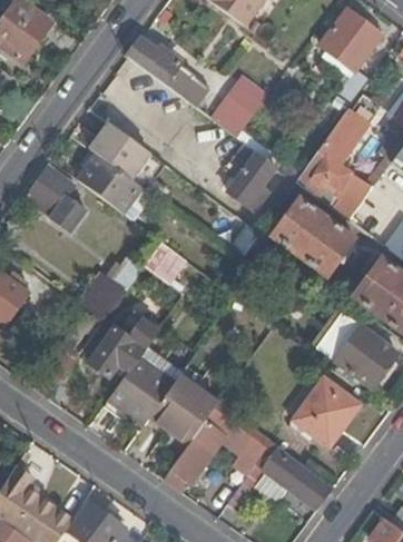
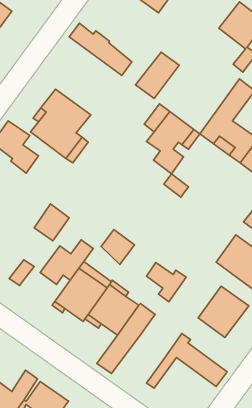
building: [272,197,355,276] -> none
building: [146,242,189,287] -> [101,229,135,264]
building: [222,421,273,472] -> [147,262,186,302]

